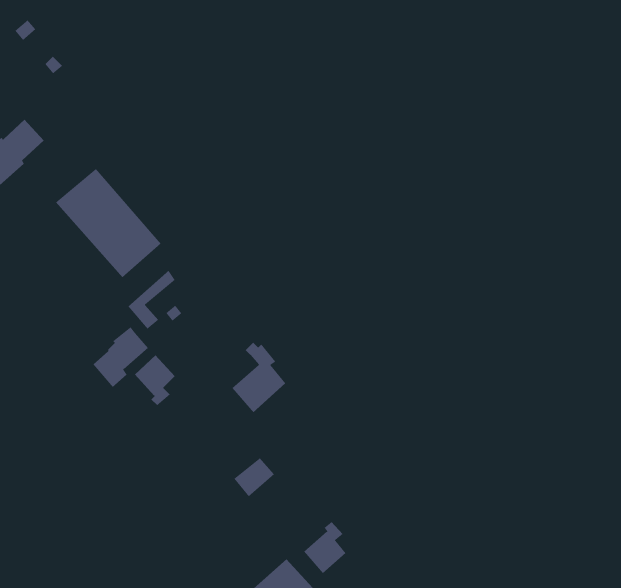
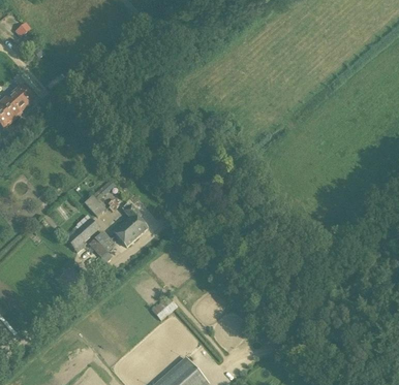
building: [55,168,162,278] -> none
building: [231,342,286,413] -> [114,202,148,247]
building: [303,521,346,574] -> none

